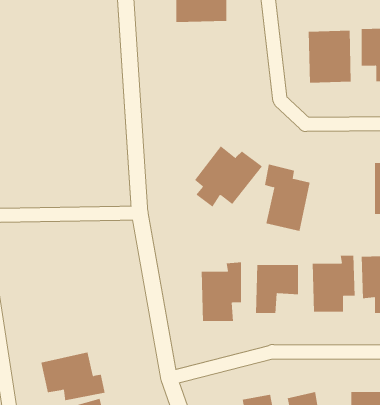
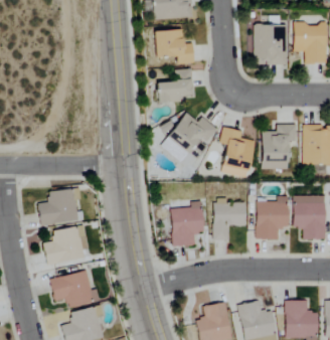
building: none -> [155,30,194,64]
building: none -> [157,69,194,102]
building: none -> [262,125,297,169]
building: none -> [38,189,78,225]
building: none -> [43,225,85,265]

